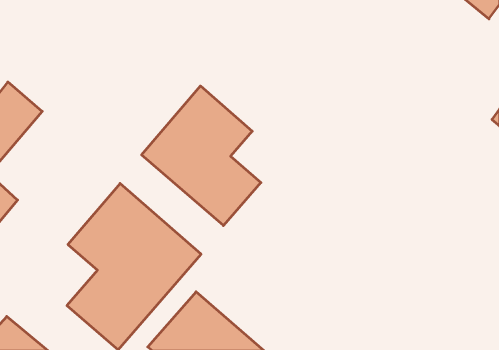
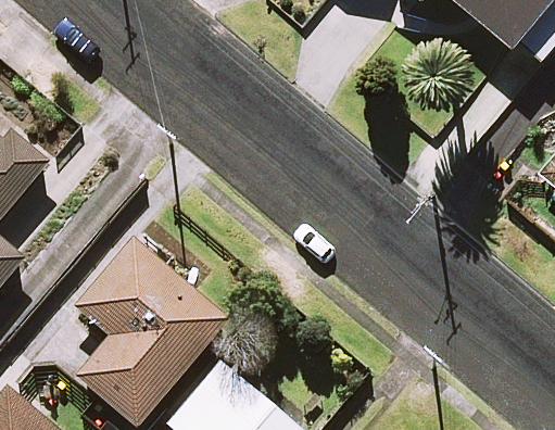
building: [142,86,261,226] -> none

